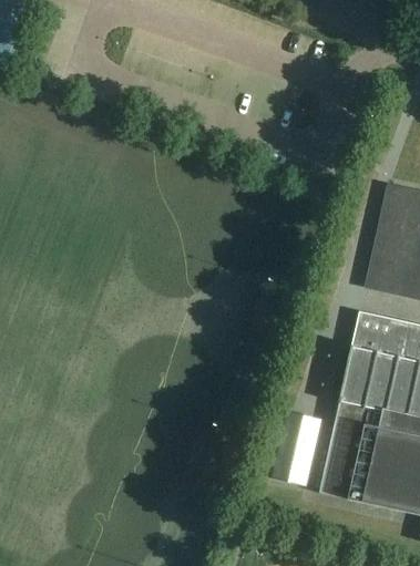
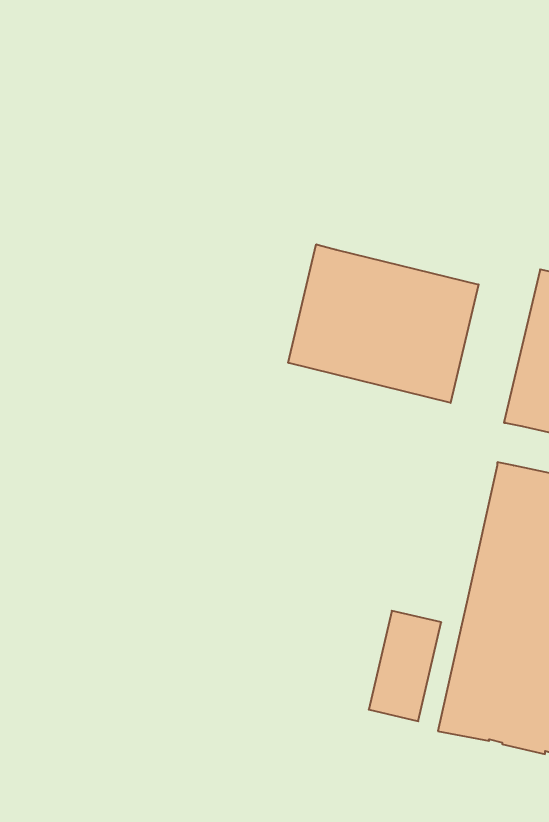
building: none -> [288,244,479,403]

